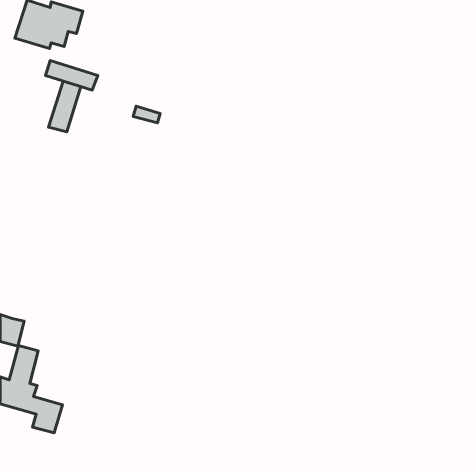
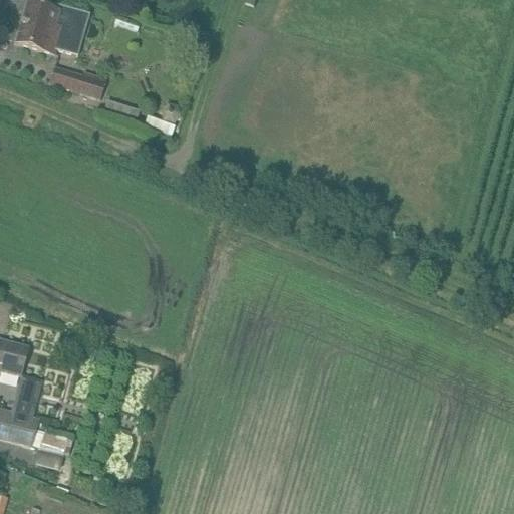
building: [49,81,81,132] -> none

